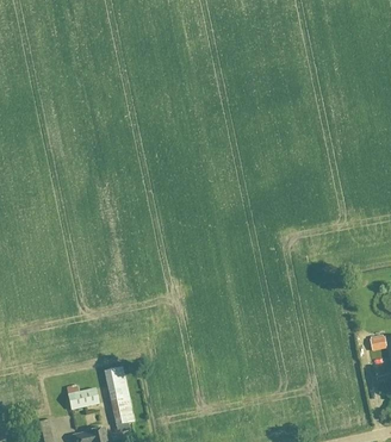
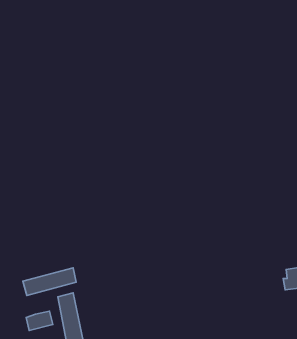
building: none -> [23,268,76,296]

